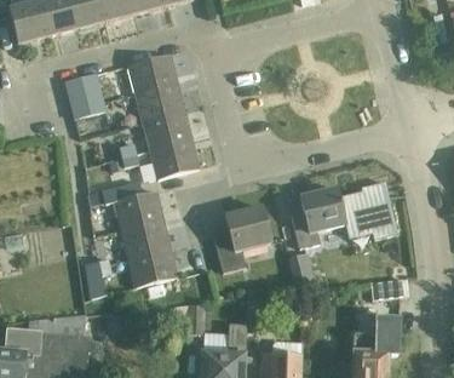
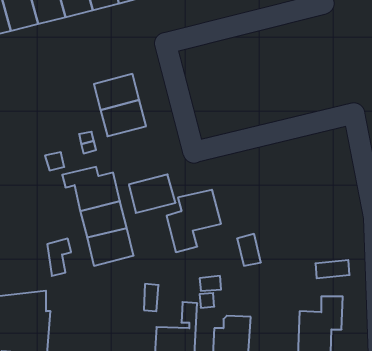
building: [128,52,177,92] -> none
building: [65,71,105,118] -> none
building: [150,137,200,178] -> [129,174,176,213]
building: [289,179,397,248] -> none

